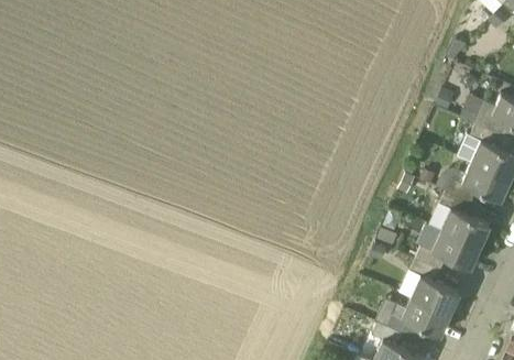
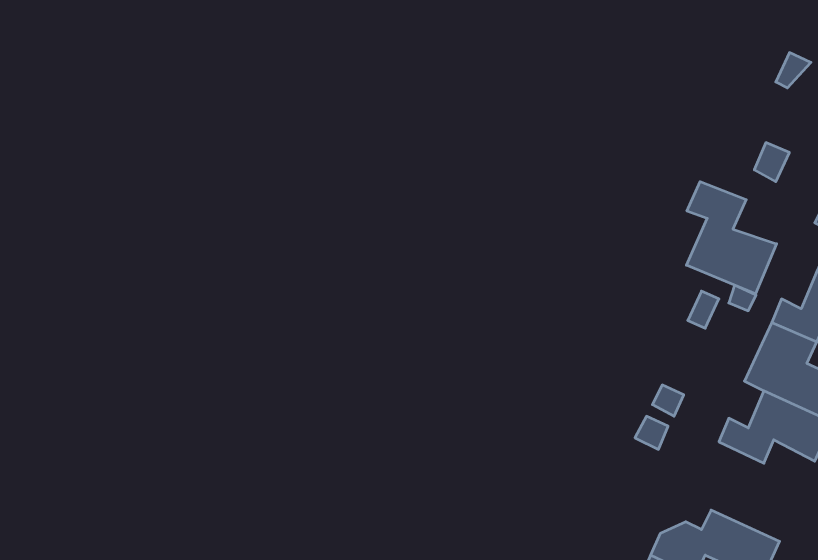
building: none -> [686,182,777,294]
building: [402,259,460,315] -> none

